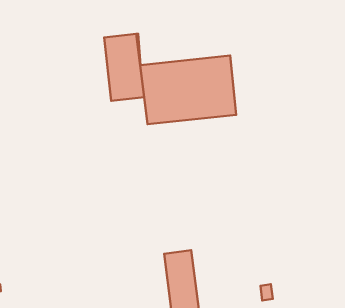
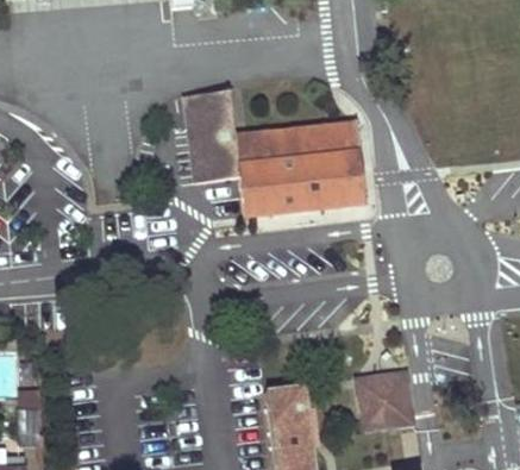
building: none -> [351,377,409,426]

